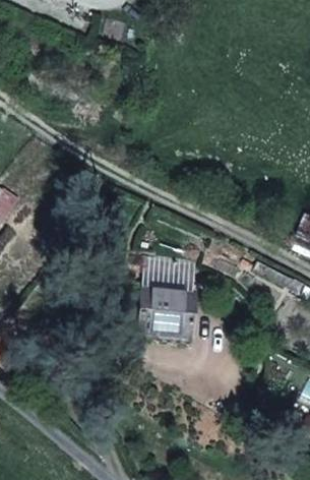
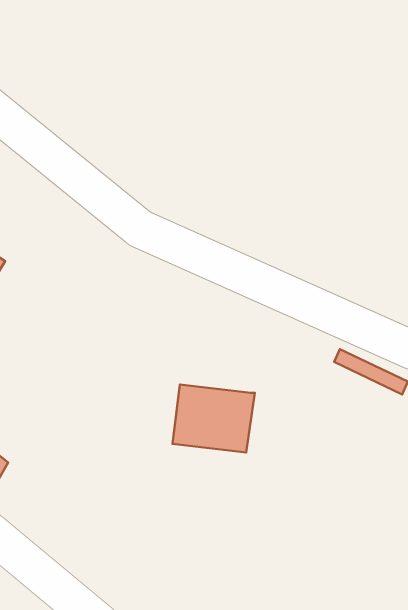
building: [141,258,195,293] -> none

